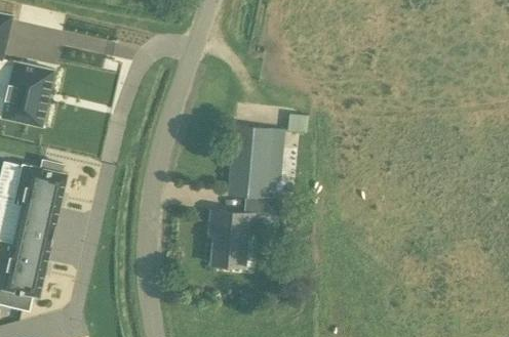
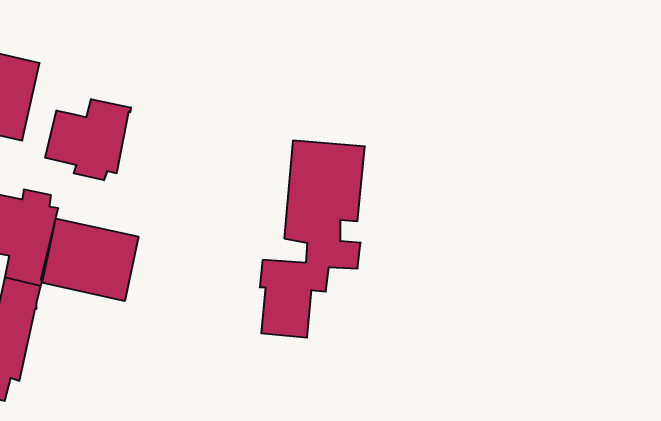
building: none -> [45,99,131,180]
building: none -> [42,218,138,301]

